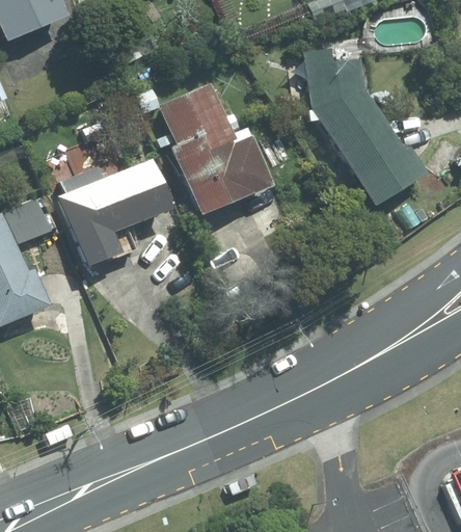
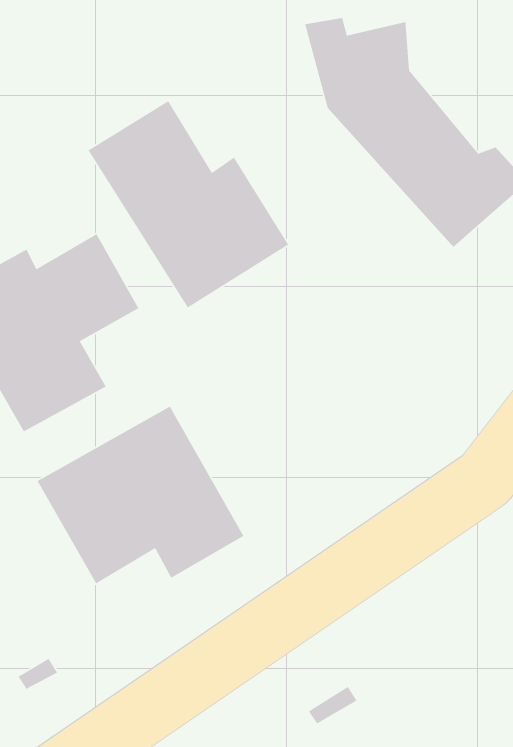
building: none -> [36,405,245,585]

